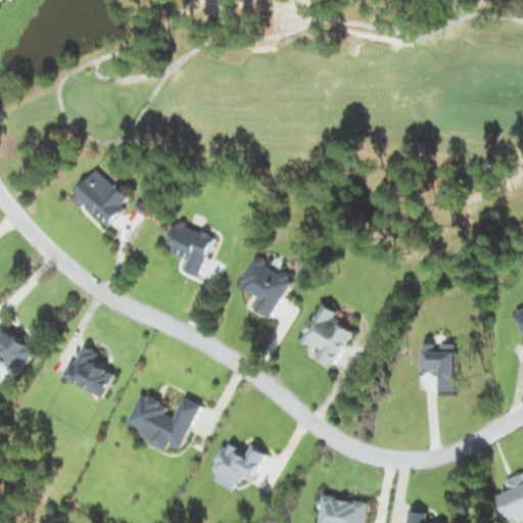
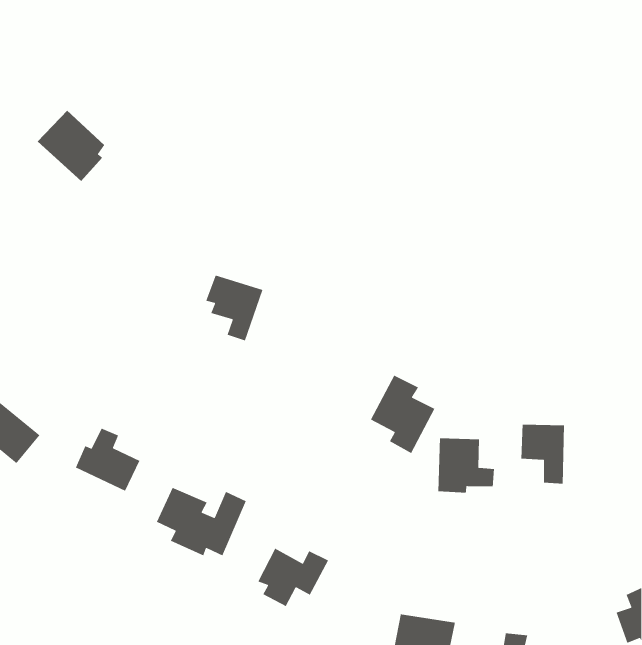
building: [70,170,126,228] -> [37,110,105,182]
building: [237,255,290,320] -> none
building: none -> [438,438,495,493]

